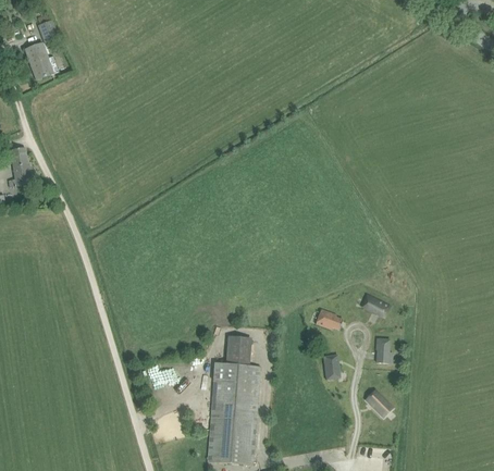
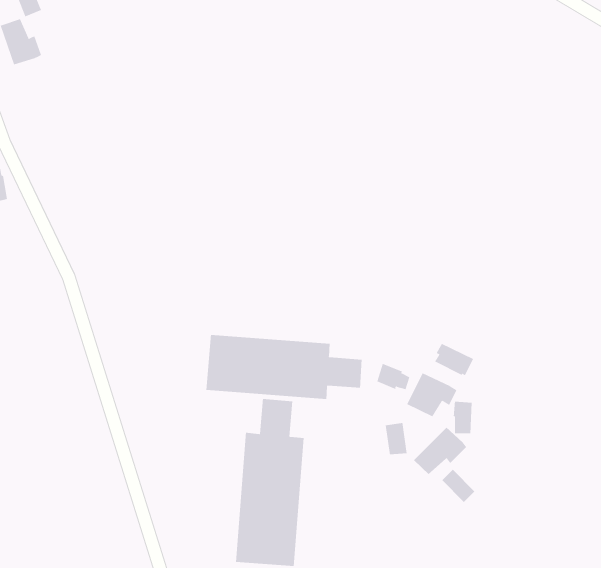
building: none -> [206,334,362,400]
building: none -> [406,373,457,417]
building: none -> [413,427,467,475]

